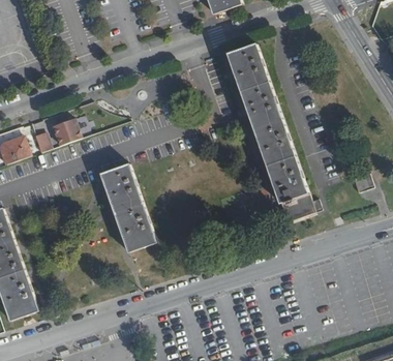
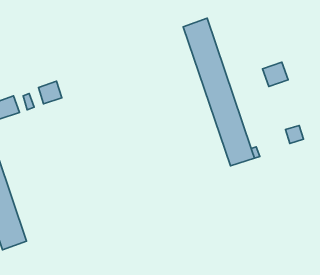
building: none -> [263,62,288,87]
building: [99,162,155,249] -> none

